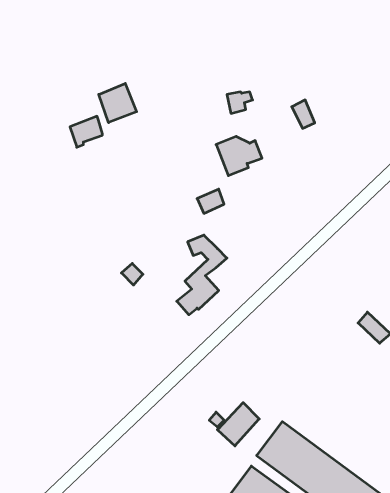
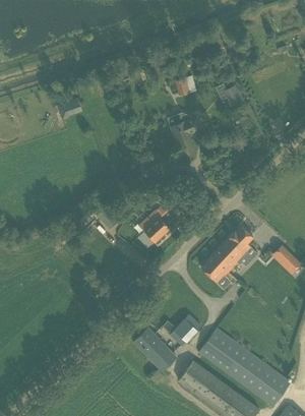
building: [99,83,137,123] -> none
building: none -> [201,225,253,283]
building: none -> [133,326,175,369]

